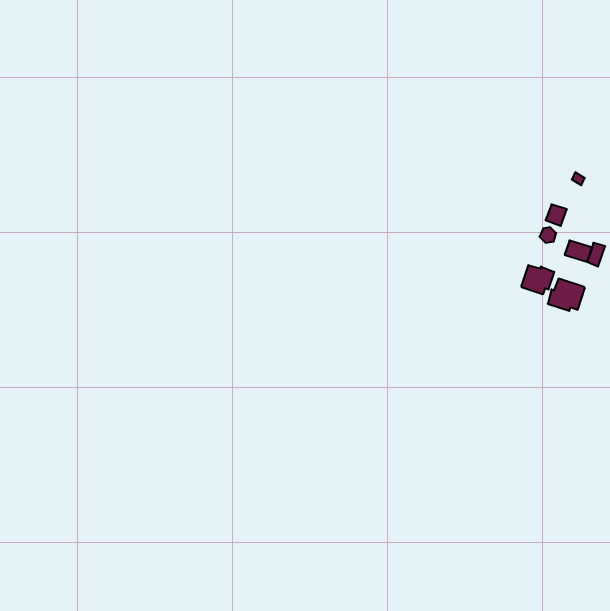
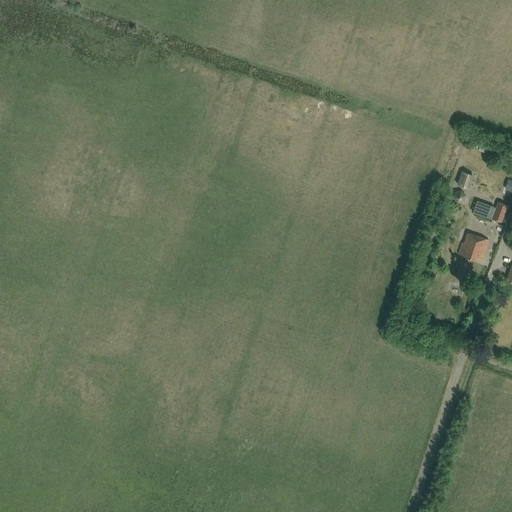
building: [521,265,554,294] -> none

